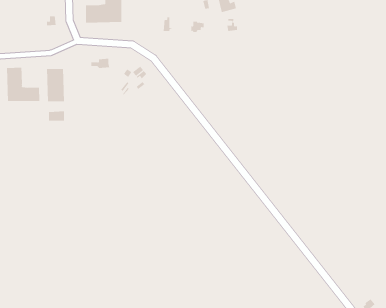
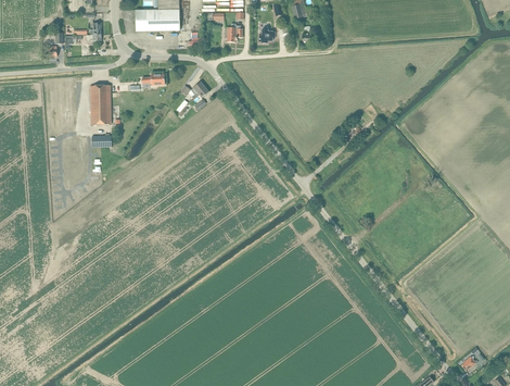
building: [7,67,40,102] -> none

